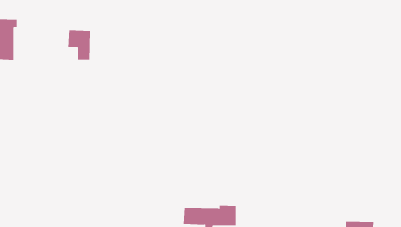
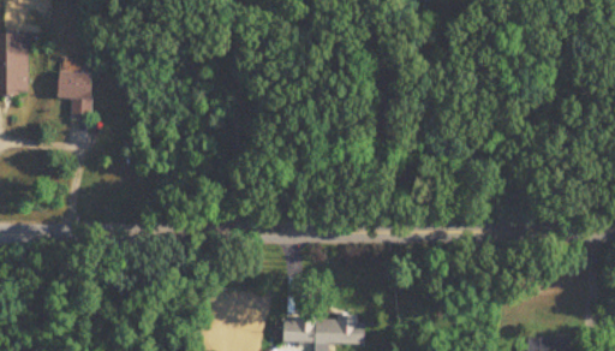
building: [68,30,91,60] -> [56,73,91,119]

